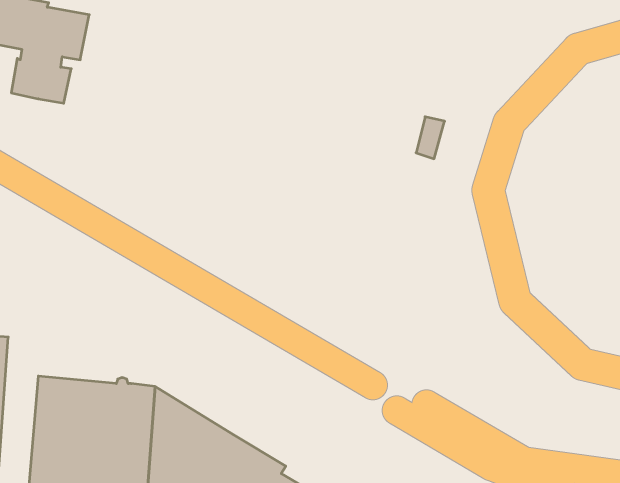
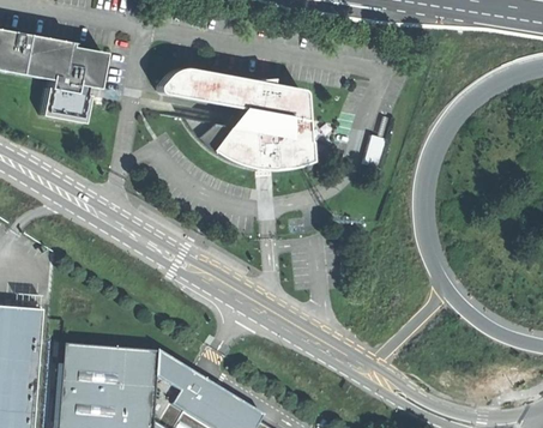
building: none -> [158,66,312,168]

